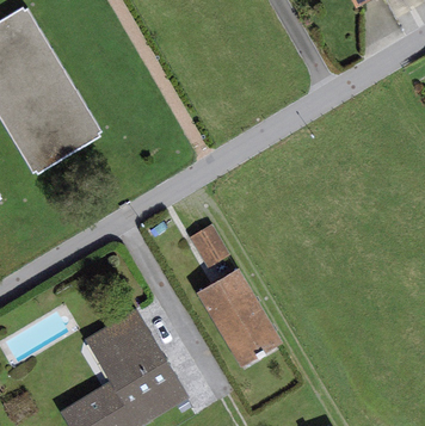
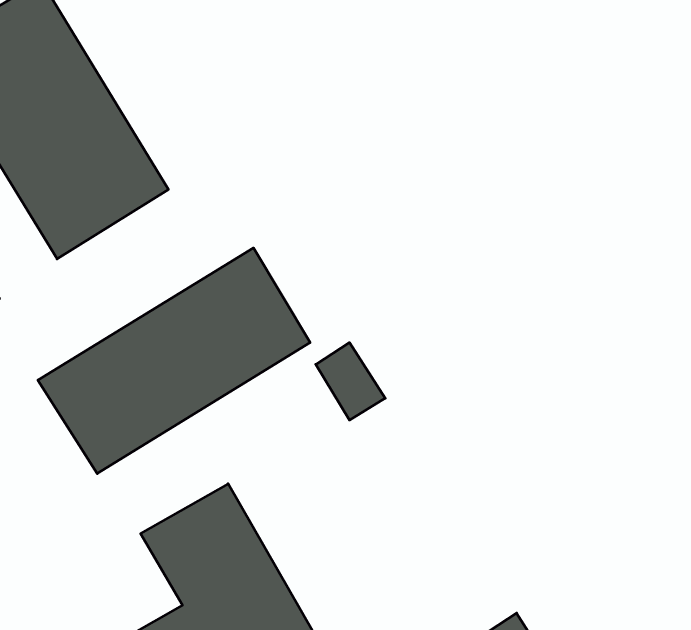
building: none -> [38,248,310,474]
building: [196,268,283,369] -> none

